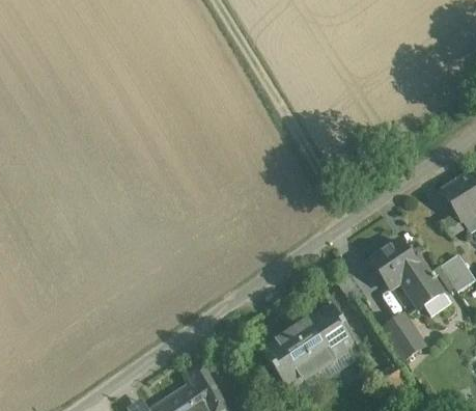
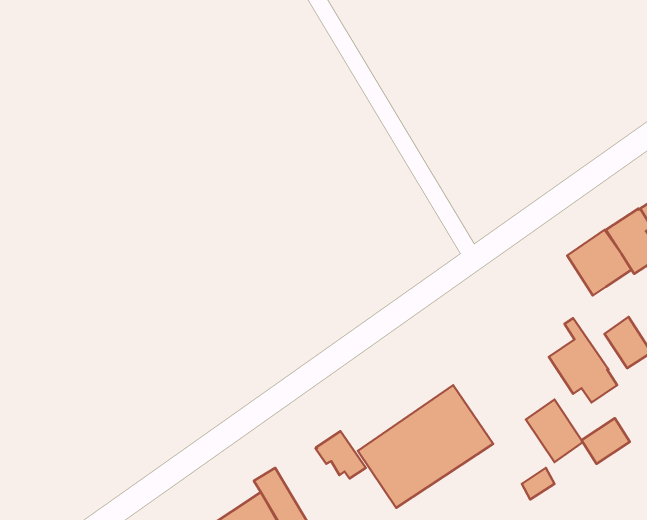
building: [371,241,418,289] -> [567,230,631,295]
building: none -> [582,418,630,464]
building: none -> [316,431,366,479]

